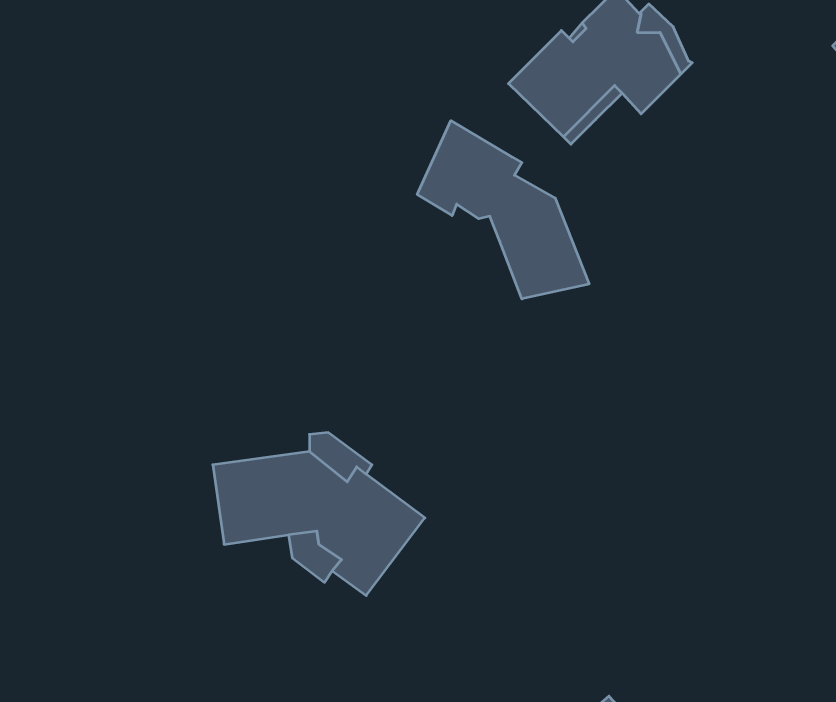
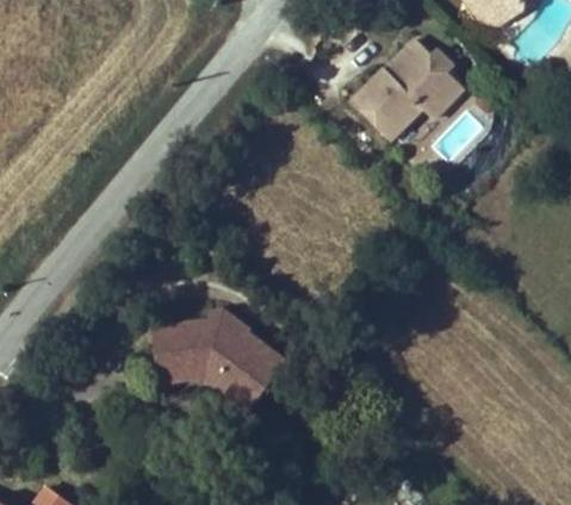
building: [417,121,589,299] -> none

